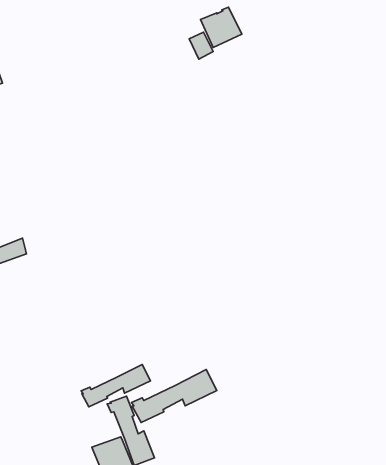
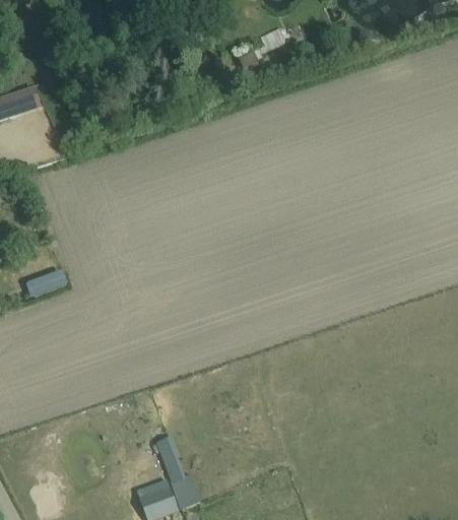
building: [81,364,150,407] -> none
building: [131,370,217,423] -> none

